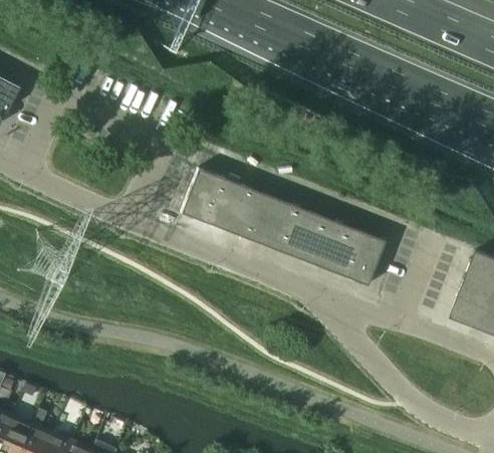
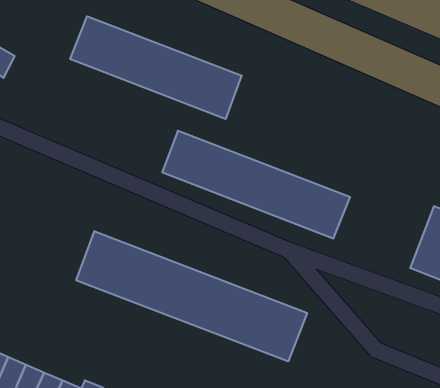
building: none -> [70,16,242,119]
building: none -> [76,231,307,361]

